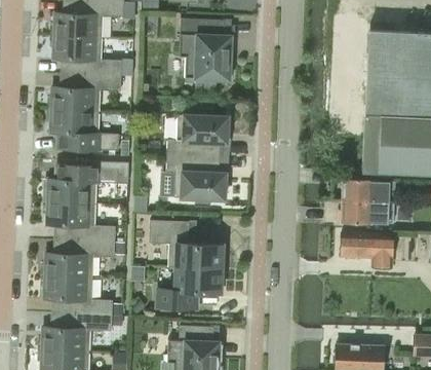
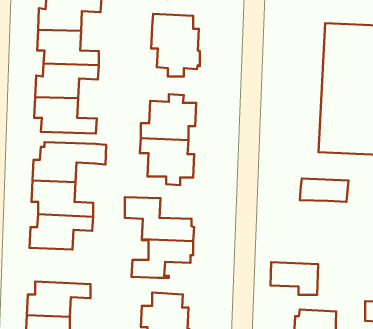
building: [343,178,395,201] -> none
building: [341,231,393,267] -> [270,262,318,295]
building: [44,275,113,316] -> none

